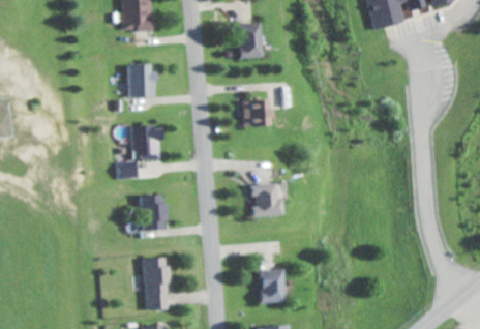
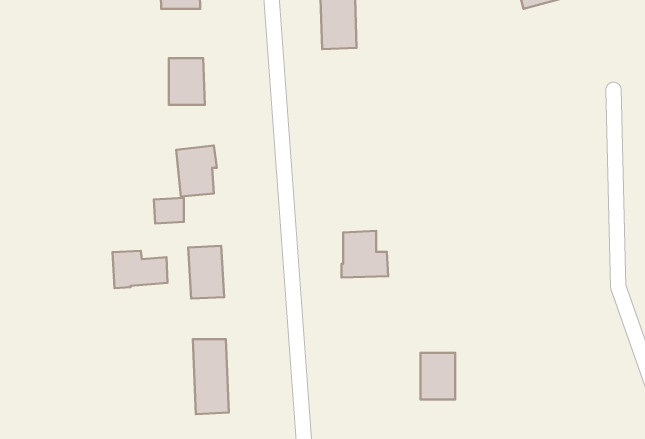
building: [243,99,274,125] -> none
building: none -> [112,251,168,288]
building: [258,270,281,302] -> [421,353,455,400]

